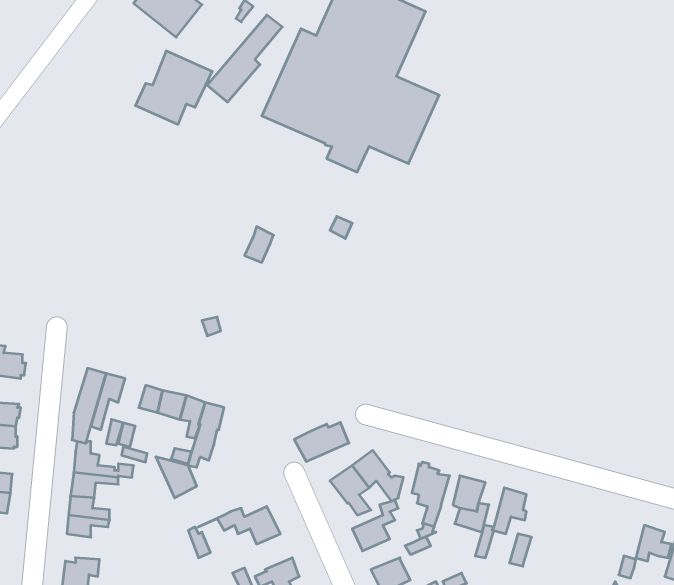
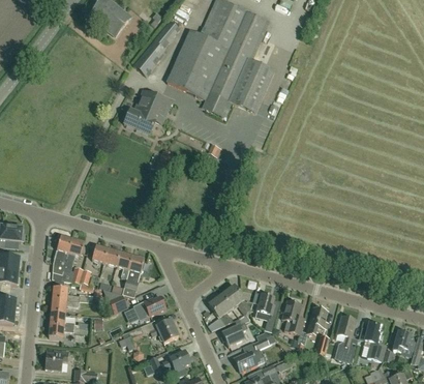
building: [135,51,212,124] -> [124,89,171,134]
building: [294,422,349,462] -> [132,295,165,319]
building: none -> [336,316,356,360]
building: none -> [363,323,385,360]

